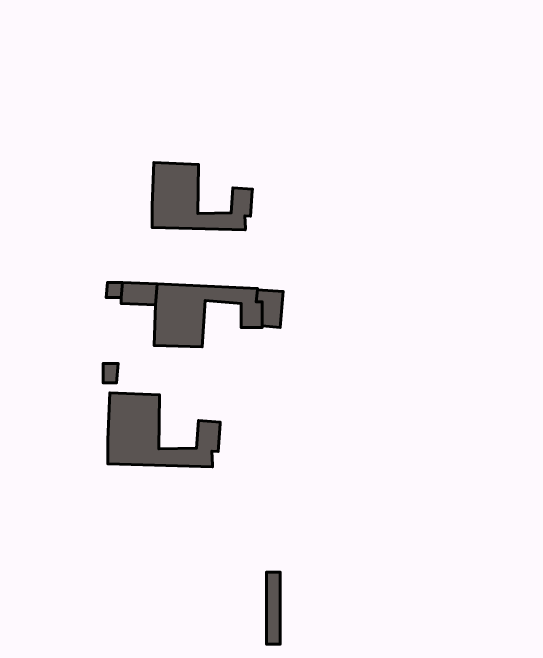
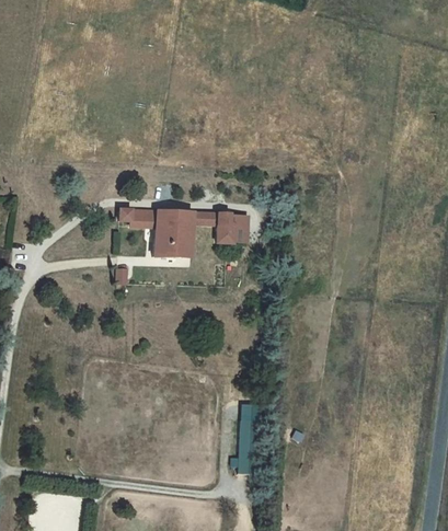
building: [152,162,252,230] -> none
building: [108,393,220,467] -> none

